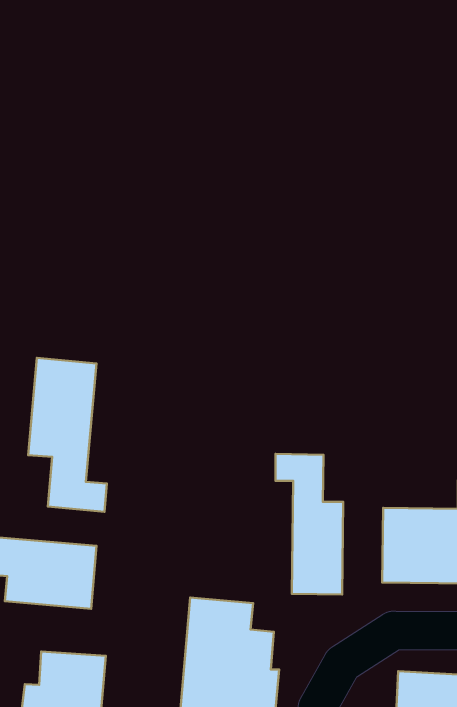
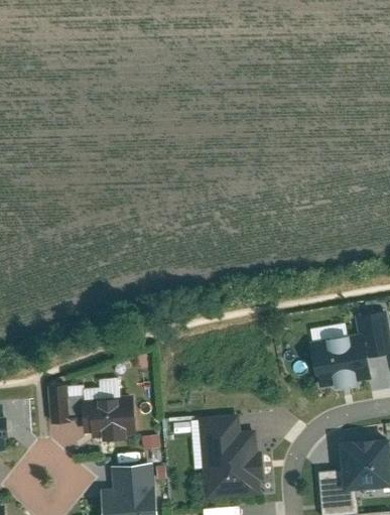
building: [28,358,107,512] -> none
building: [276,454,343,594] -> none

